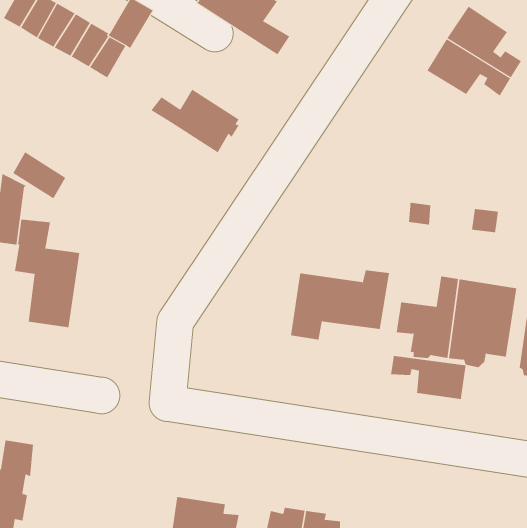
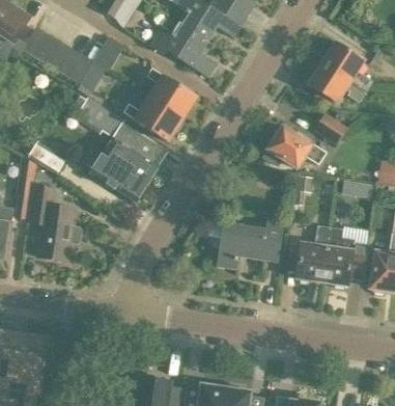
building: none -> [145,66,195,118]
building: none -> [83,99,167,200]
building: none -> [313,112,347,144]
building: none -> [262,126,326,167]
building: [390,355,466,400] -> none

